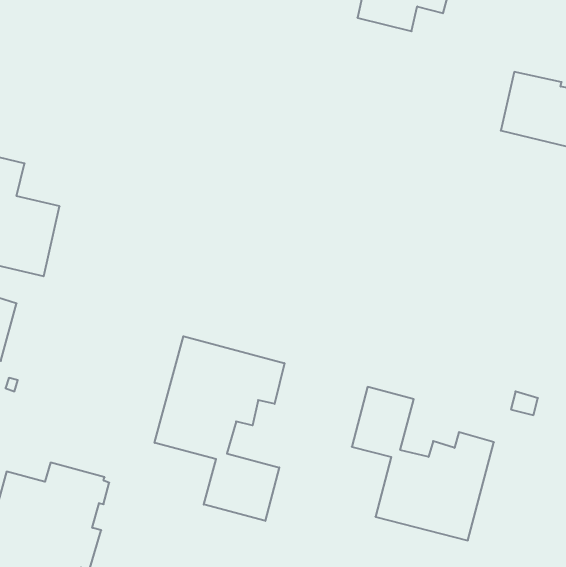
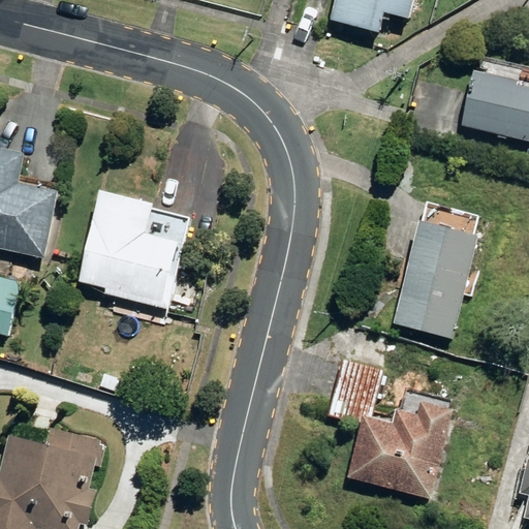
building: none -> [77,194,187,308]
building: none -> [391,219,479,340]
building: [155,336,284,521] -> none

